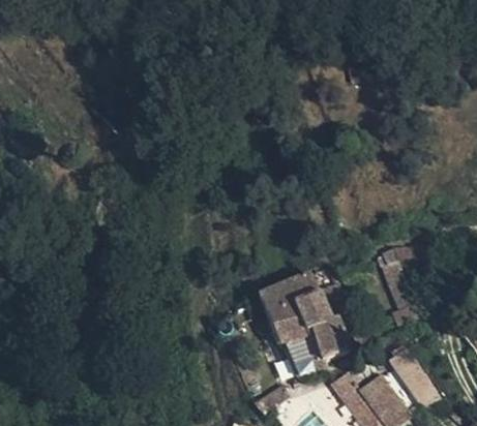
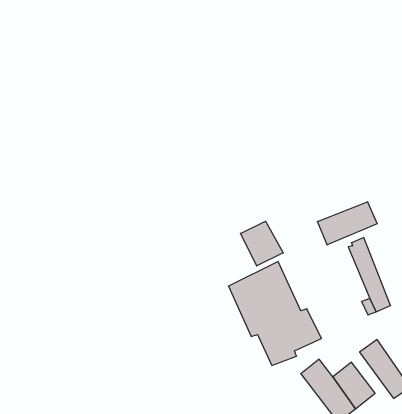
building: none -> [317,202,377,245]
building: none -> [240,221,283,266]

